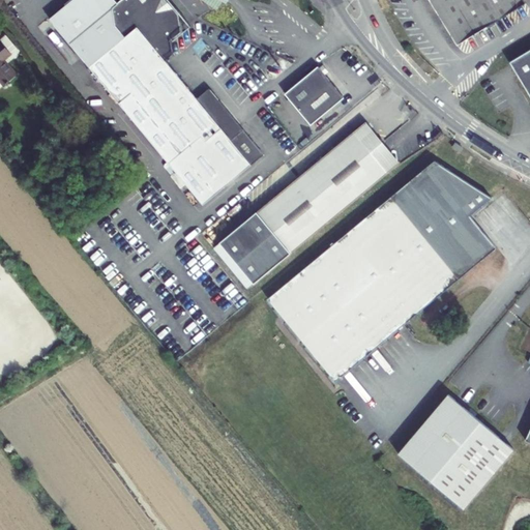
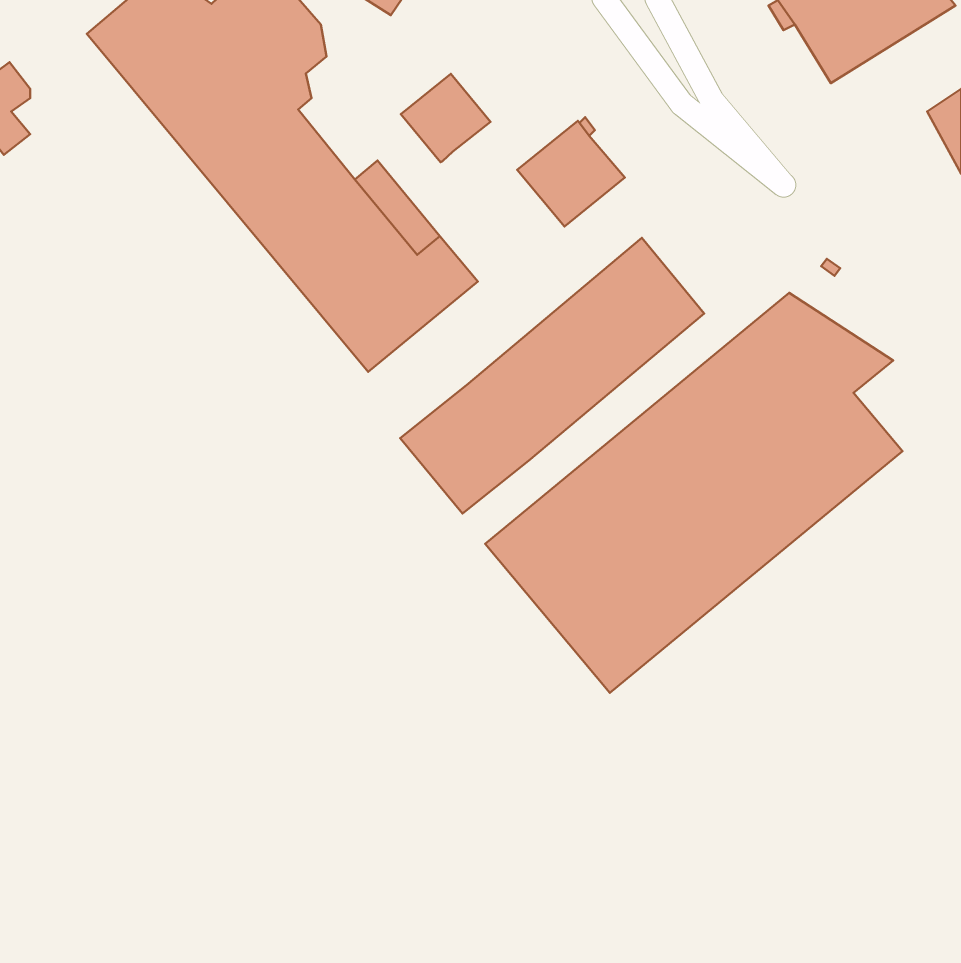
building: none -> [401,74,491,162]
building: [352,121,399,172] -> none
building: [396,393,512,508] -> none

